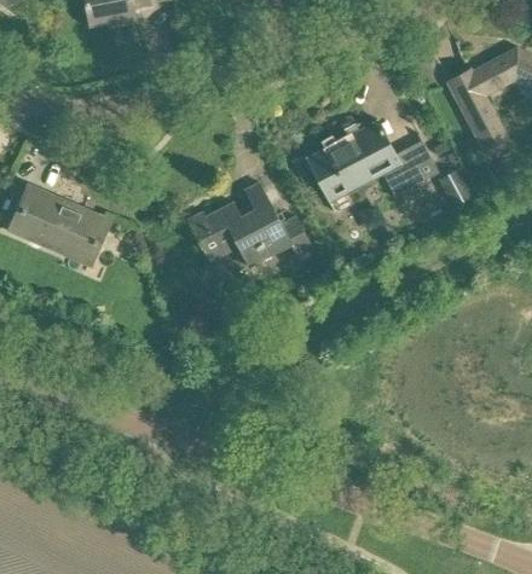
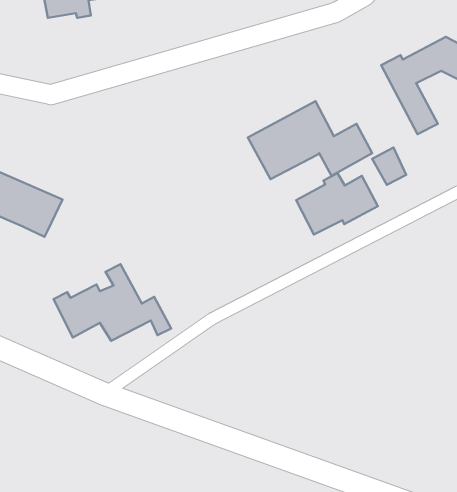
building: [187,181,313,263] -> [54,264,171,341]
building: none -> [296,173,378,235]

